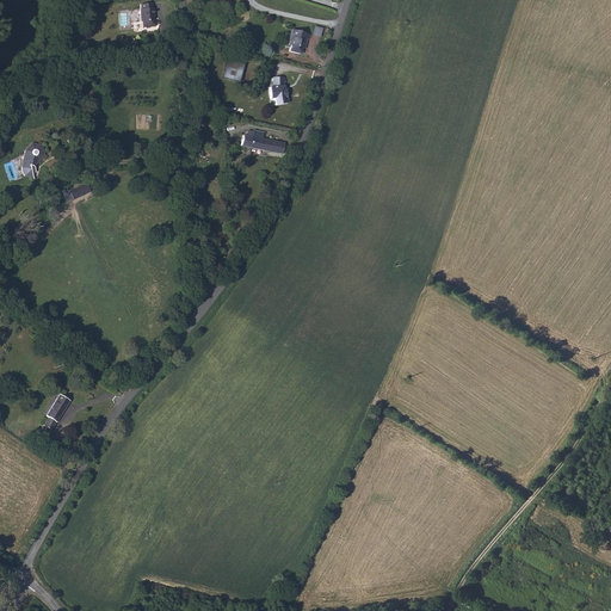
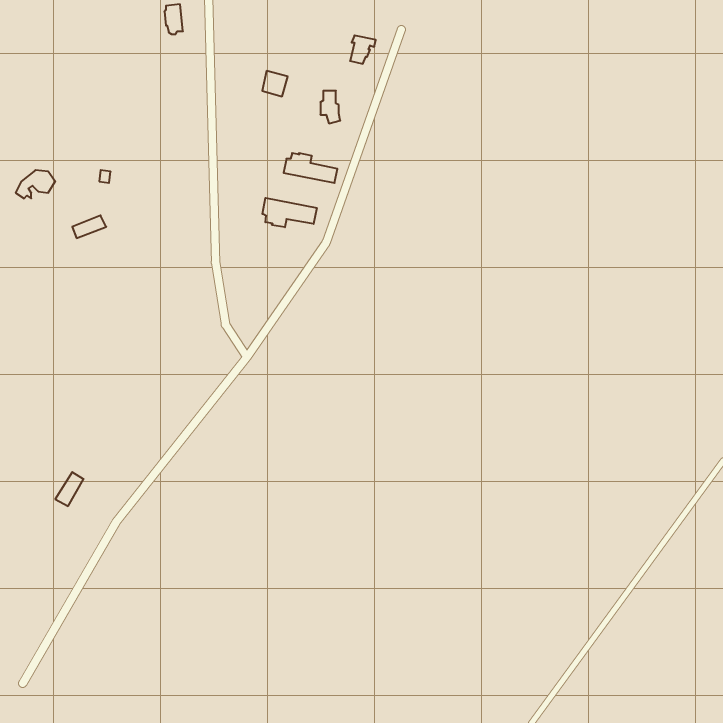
building: none -> [262,198,317,227]

